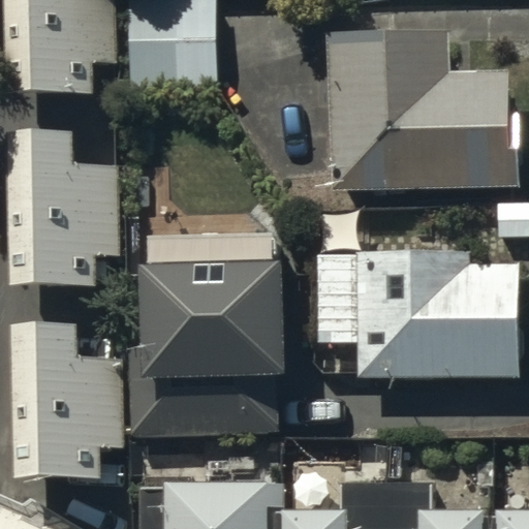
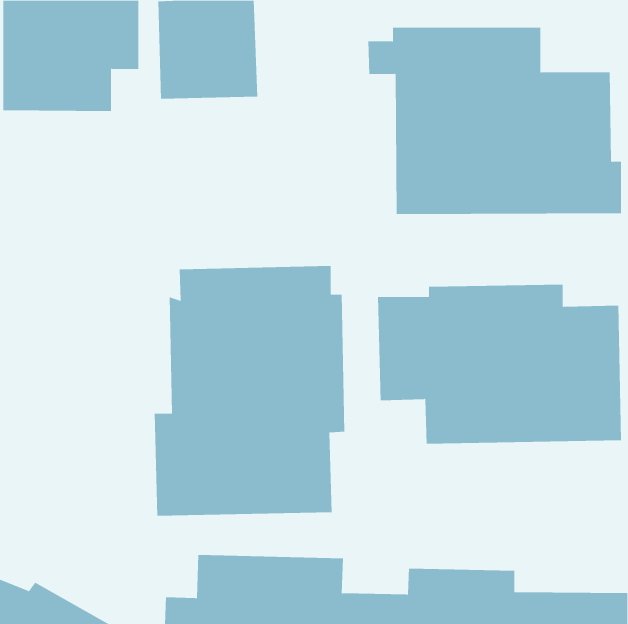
building: [4,131,113,299] -> none
building: [9,320,121,486] -> none

